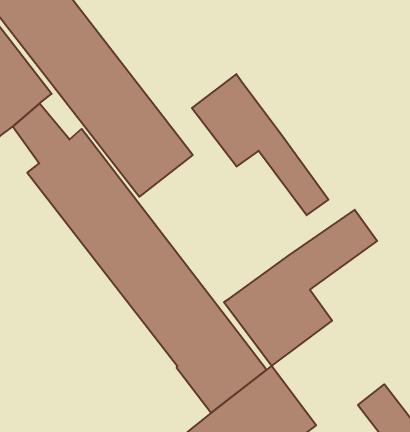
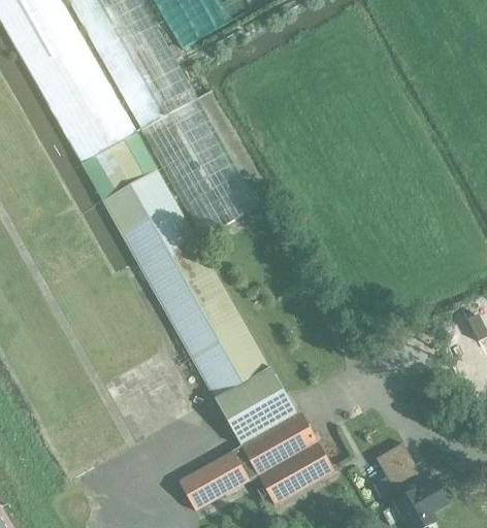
building: [192,74,328,215] -> none
building: [224,210,377,366] -> none

